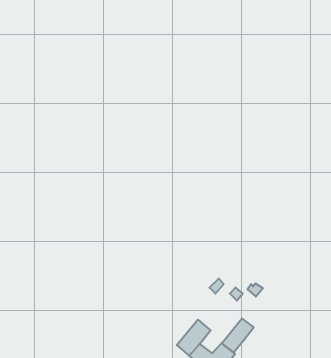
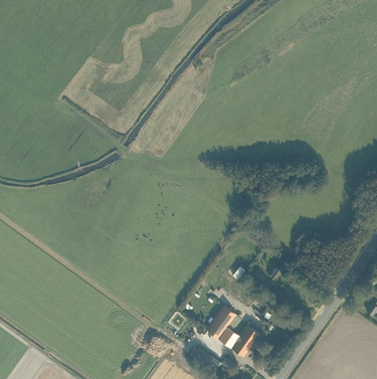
building: [222,318,254,352] -> none

